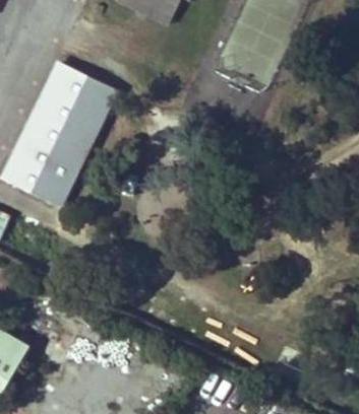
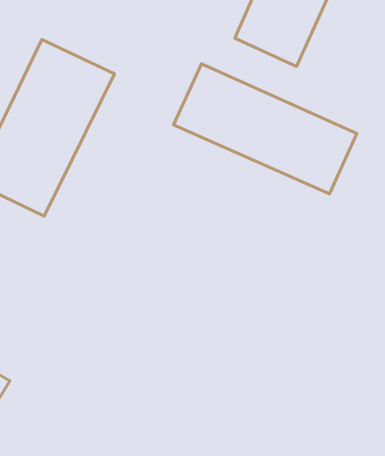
building: none -> [173,64,357,194]

